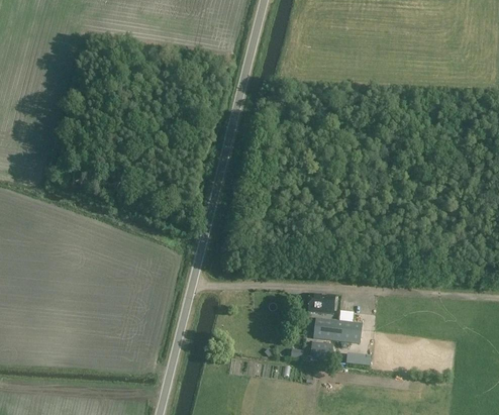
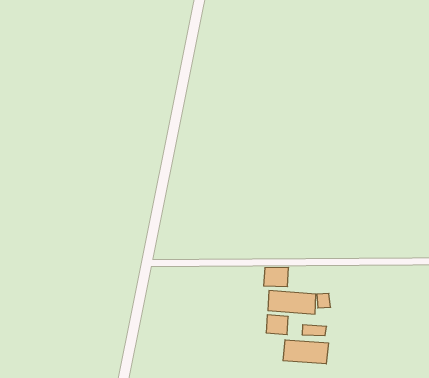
building: none -> [283,340,328,364]

